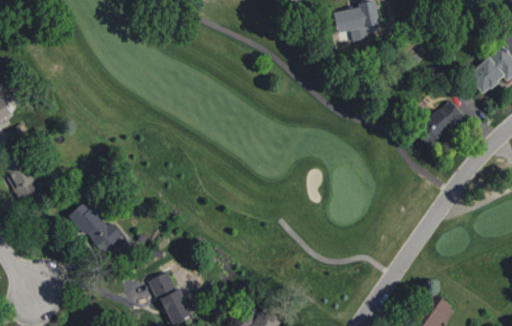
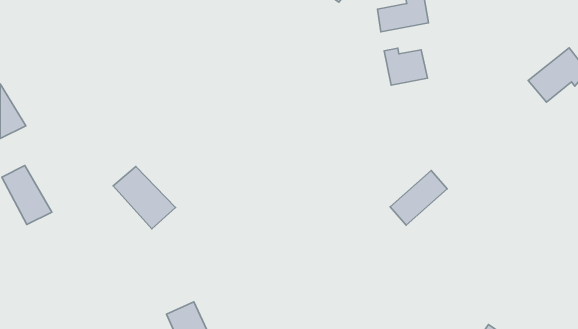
building: none -> [384,48,427,85]
building: [414,100,464,148] -> [390,171,447,225]
building: [68,199,123,254] -> [113,167,176,229]

